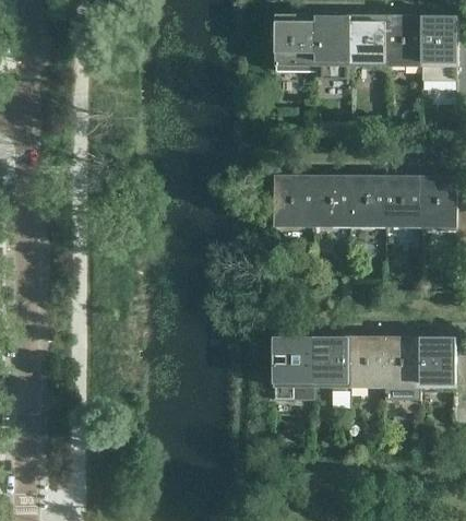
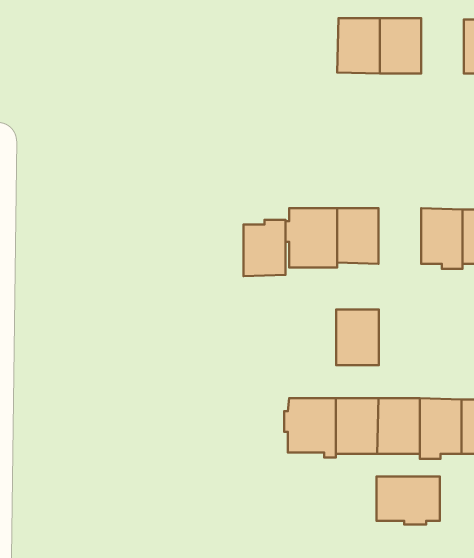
building: [268,16,313,62] -> none
building: [383,16,419,63] -> none
building: [347,177,383,224] -> [336,310,379,365]
building: none -> [243,220,285,276]
building: none -> [377,477,440,525]

